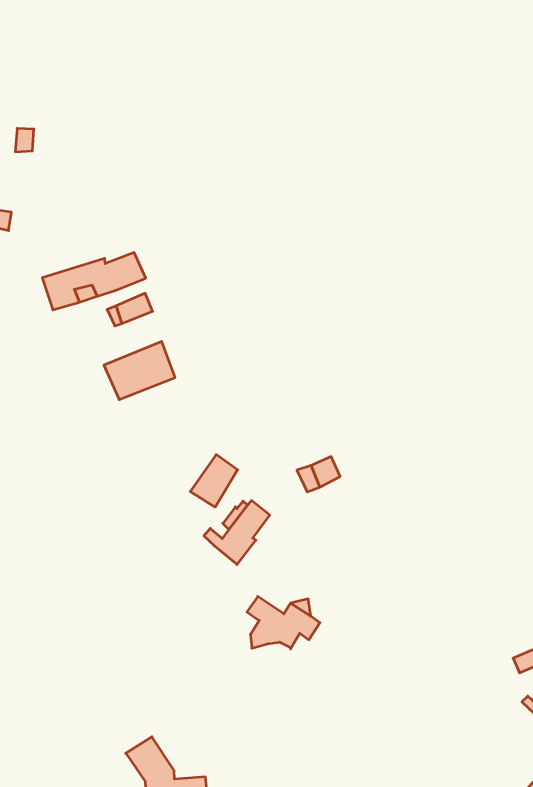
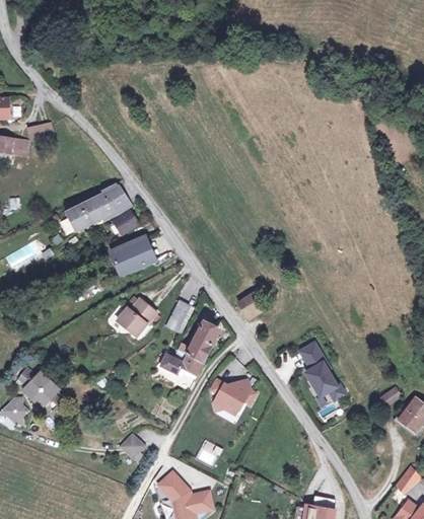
building: none -> [123,296,162,333]
building: none -> [164,355,207,377]
building: none -> [297,344,342,400]
building: none -> [116,434,145,462]

